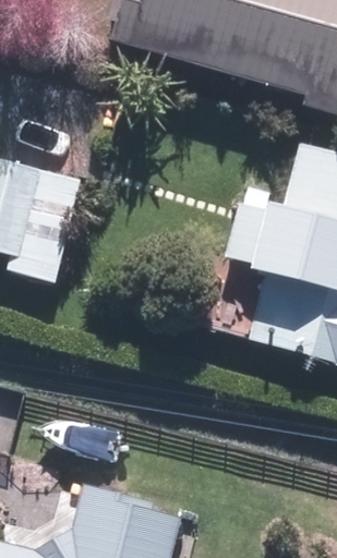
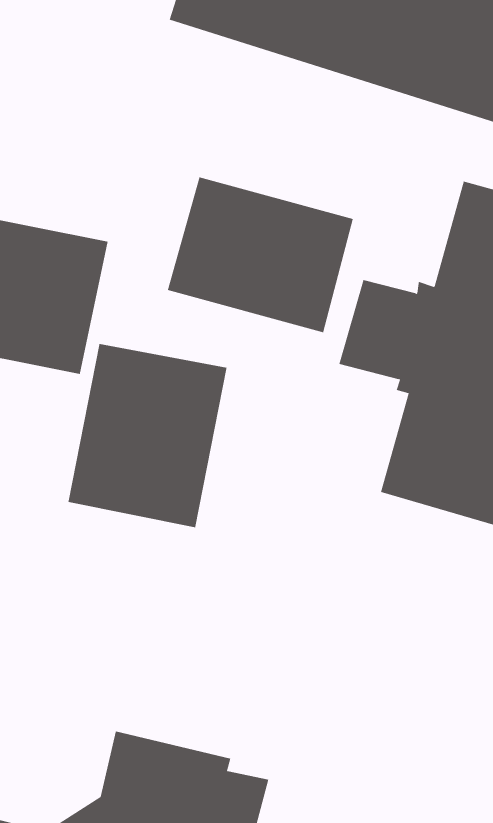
building: none -> [167,176,354,333]
building: none -> [68,343,227,528]

